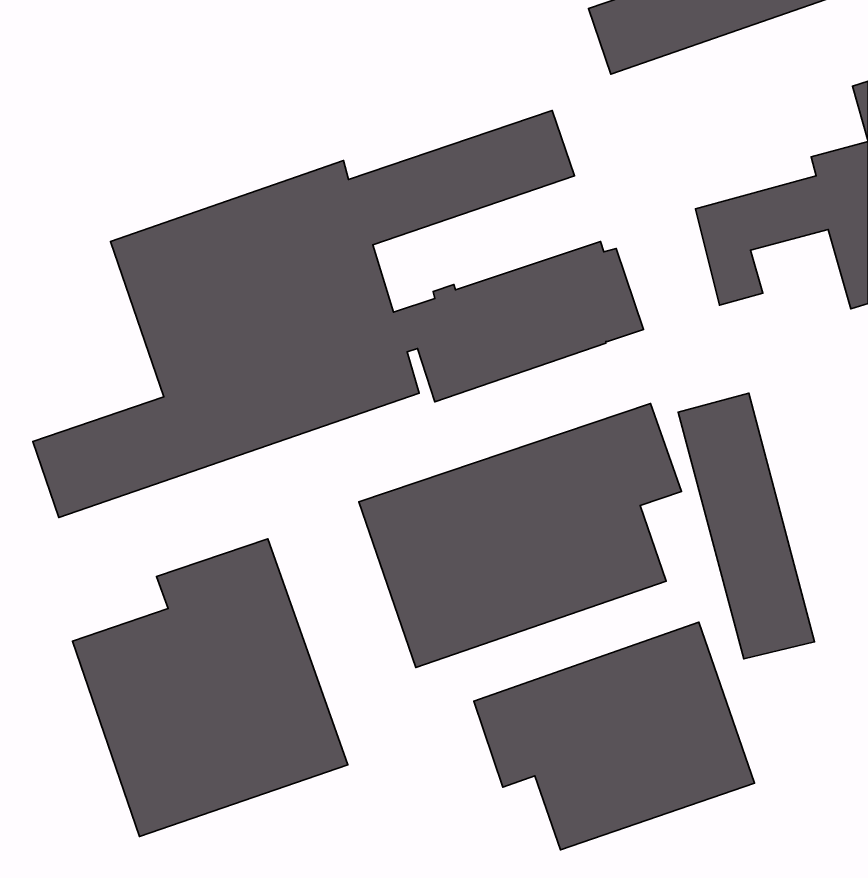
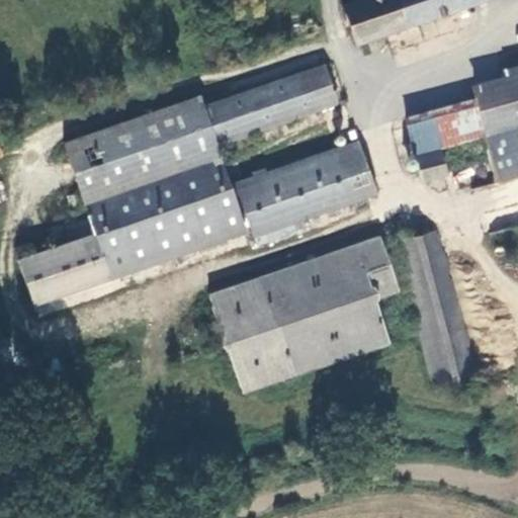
building: [73,539,348,836] -> none
building: [474,622,754,850] -> none

